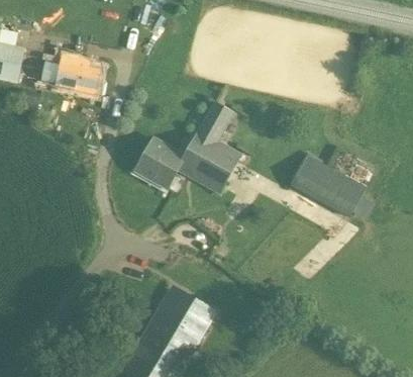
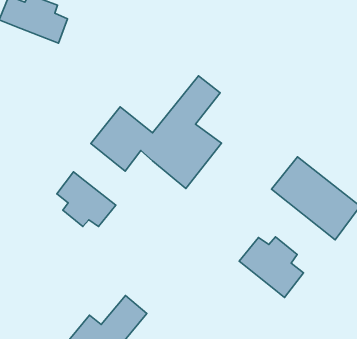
building: none -> [57,172,116,227]
building: none -> [239,237,303,297]

